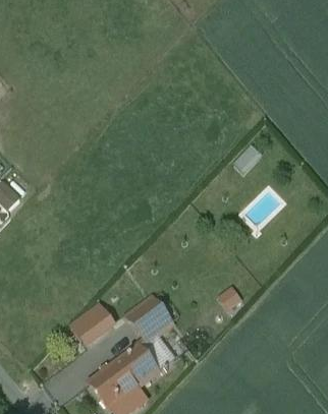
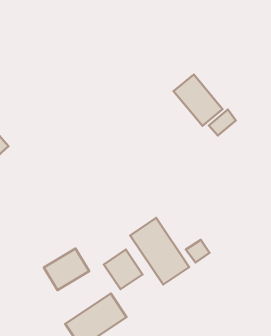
building: none -> [174,75,223,126]
building: none -> [130,218,189,285]

